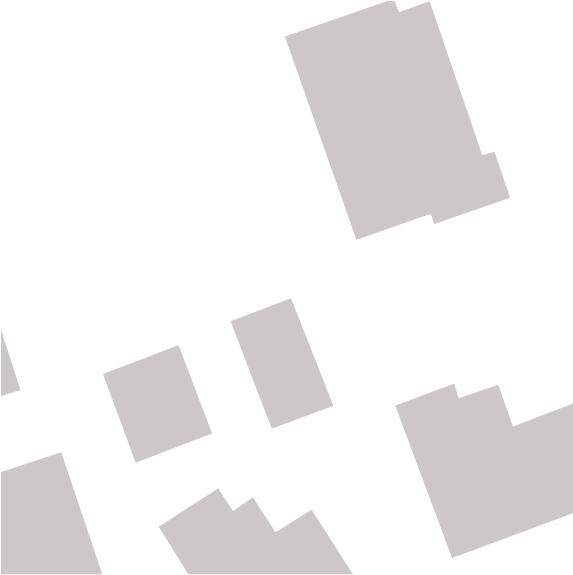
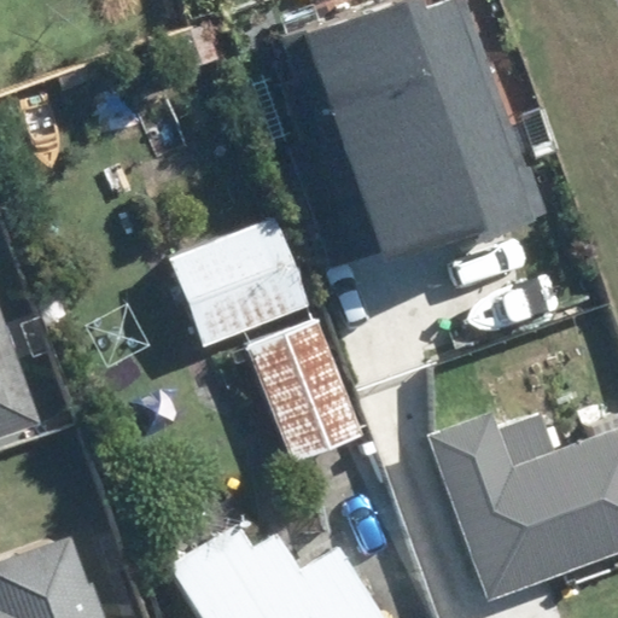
building: none -> [173,218,307,345]
building: [102,344,213,464] -> none

